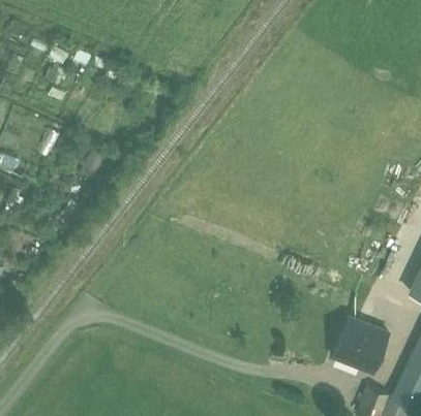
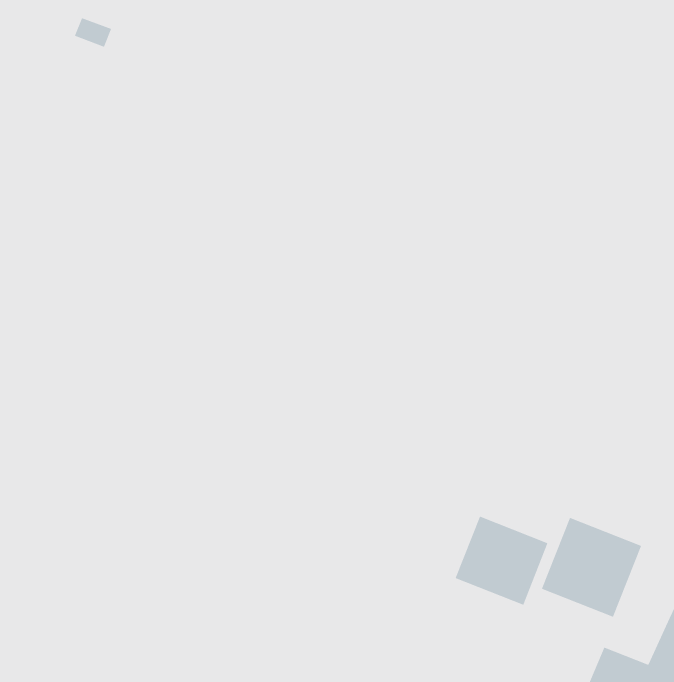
building: none -> [455,516,549,606]

